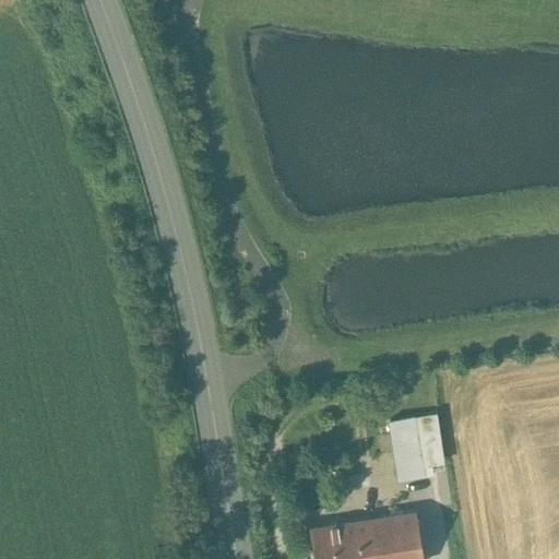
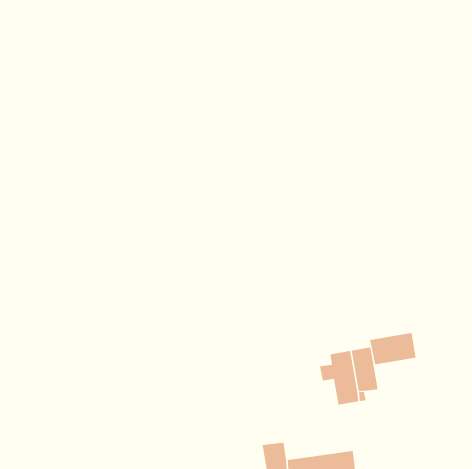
building: none -> [370,332,416,365]
building: [335,514,417,547] -> none

